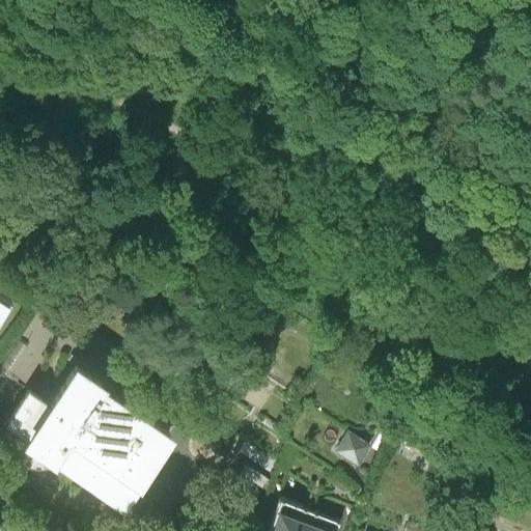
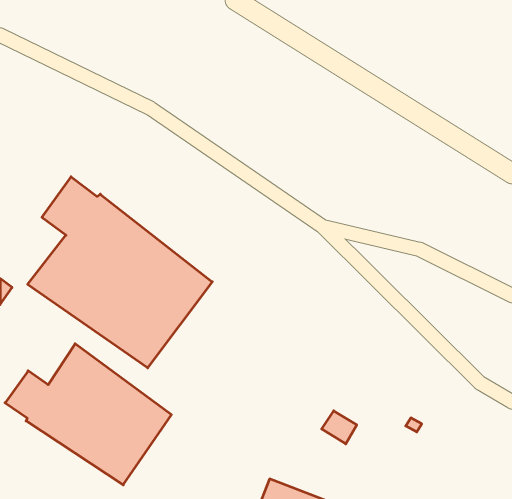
building: none -> [28,177,212,368]

